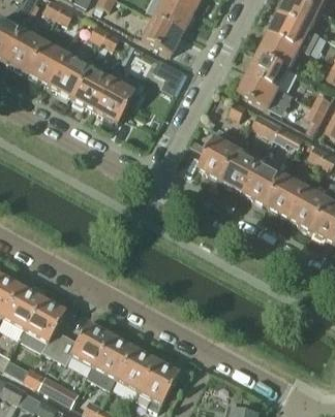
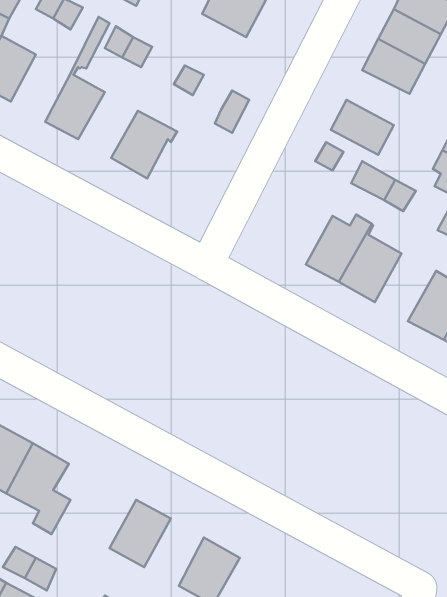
building: [141,15,182,55] -> none
building: [27,42,66,87] -> none
building: [248,53,290,89] -> none
building: [71,63,117,110] -> none
building: [197,128,243,181] -> none
building: [267,173,307,218] -> none
building: [54,323,110,367] -> none
building: [115,348,154,392] -> none

